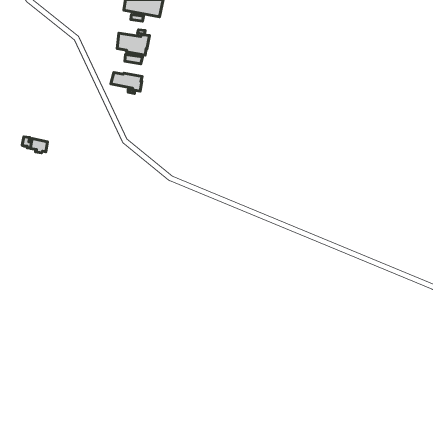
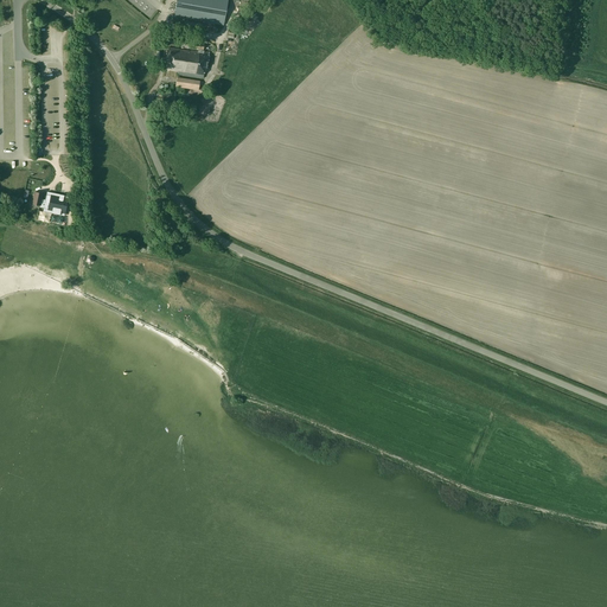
building: [111,73,142,94] -> none

